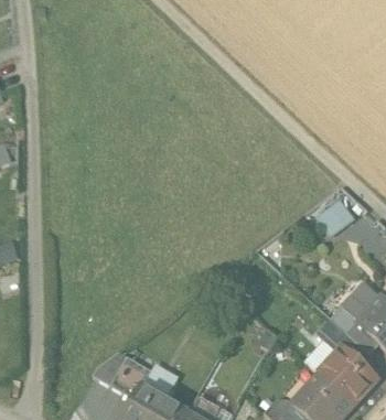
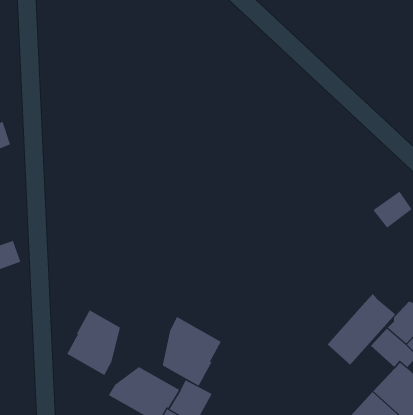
building: none -> [327,293,396,365]
building: none -> [66,309,121,376]
building: none -> [162,316,222,387]

